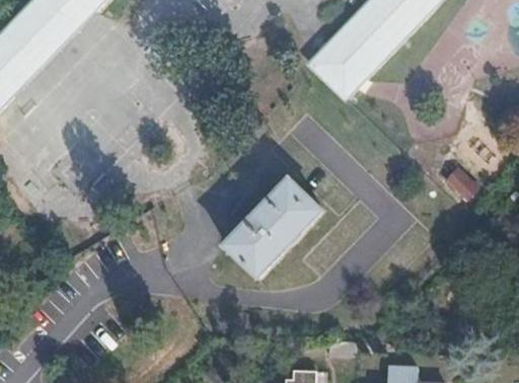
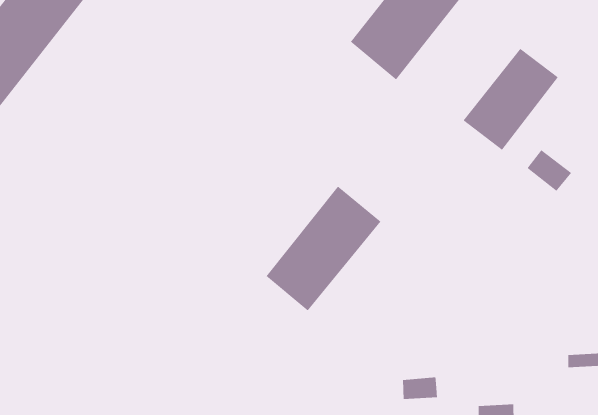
building: none -> [462,48,559,151]

